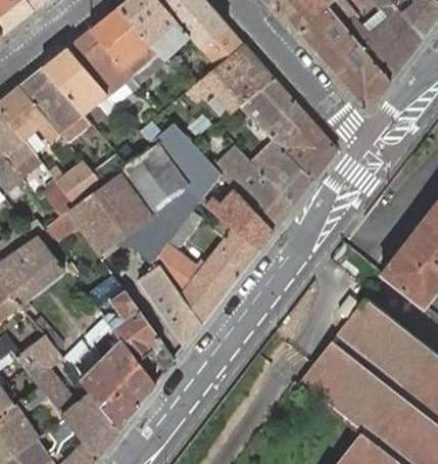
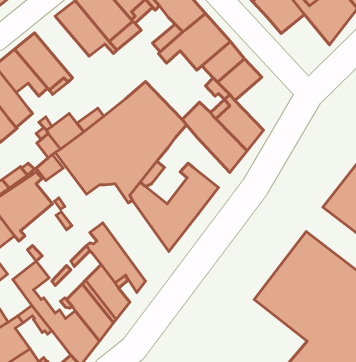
building: [334,45,391,108] -> none
building: [44,47,108,113] -> none
building: [280,119,338,181] -> none
building: [201,190,274,248] -> none
building: [138,264,202,345] -> none

